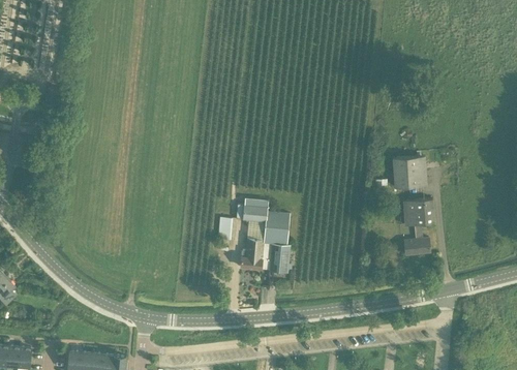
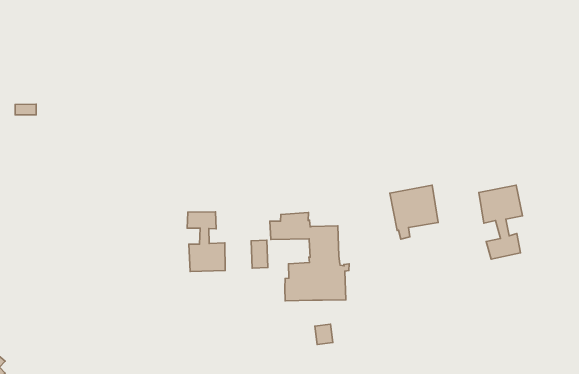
building: [391,156,426,195] -> [390,185,438,239]
building: none -> [187,212,225,272]

